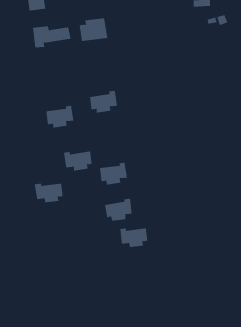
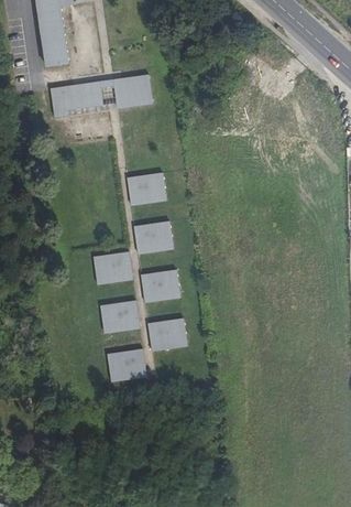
building: [46,105,74,128] -> [133,222,172,252]
building: [34,183,63,203] -> [98,304,138,331]
building: [119,228,148,248] -> [106,353,144,379]

